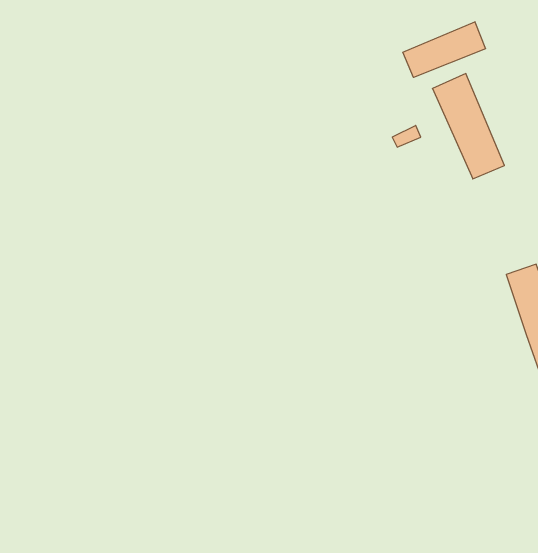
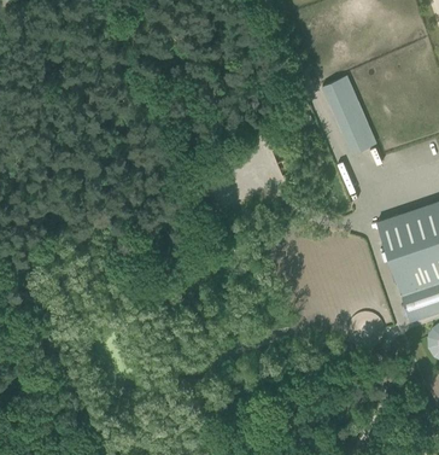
building: [403,22,486,77] -> none

